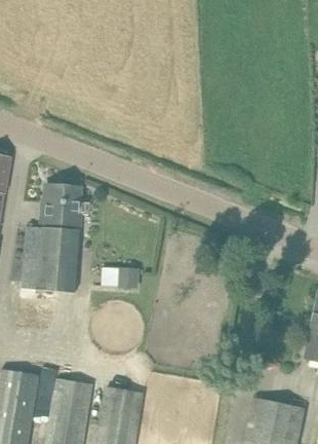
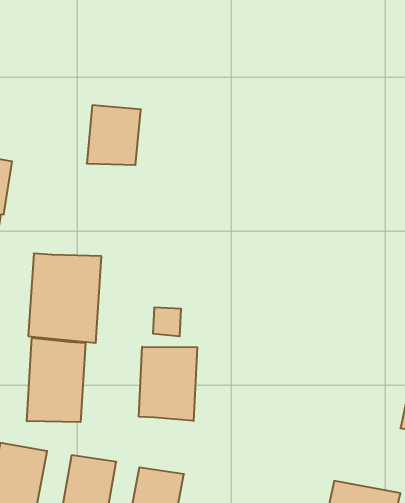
building: [41,183,82,228] -> [87,105,141,165]
building: none -> [27,338,85,422]
building: none -> [139,347,197,421]

